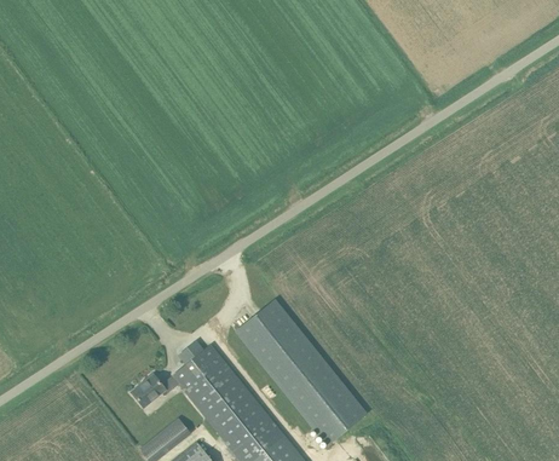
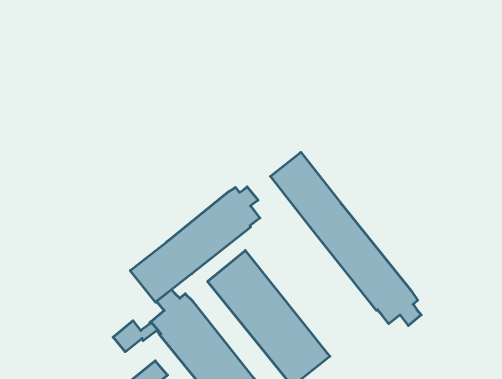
building: none -> [270,152,421,326]
building: none -> [130,187,260,302]

